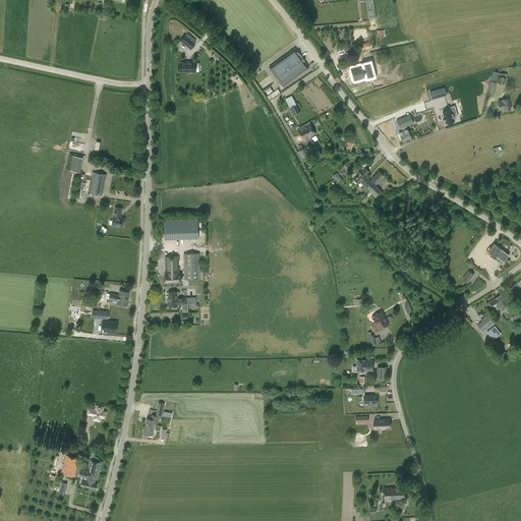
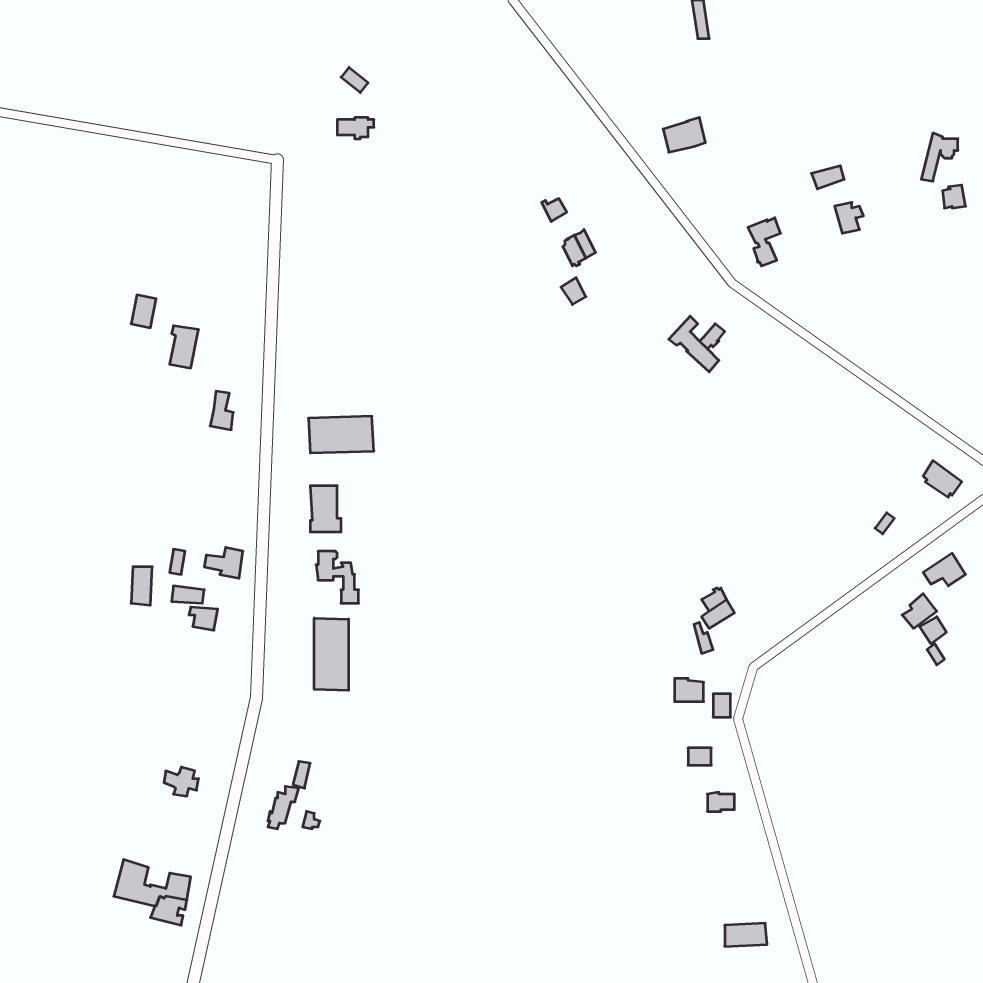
building: [268,49,308,86] -> none
building: [182,253,198,280] -> none
building: none -> [314,618,349,690]

